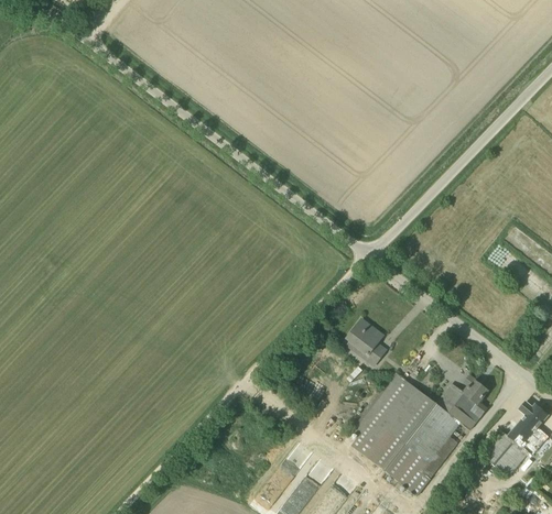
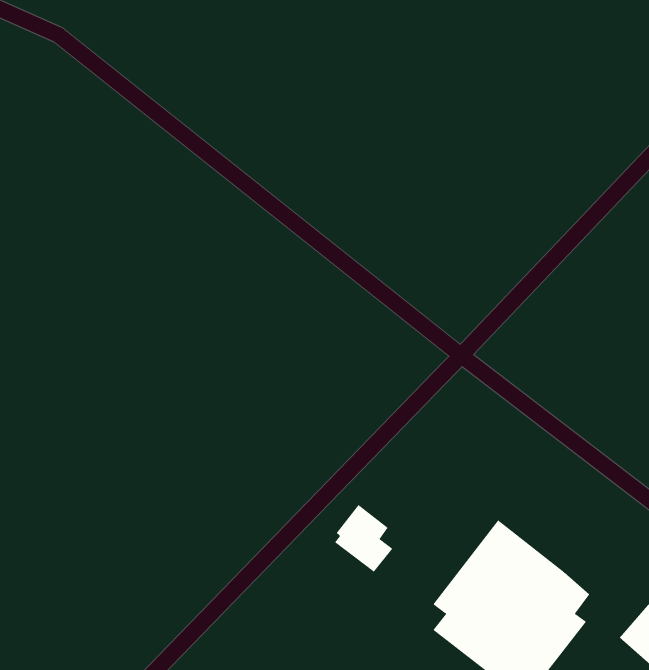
building: [346,318,387,365] -> [334,504,393,573]
building: [443,380,488,429] -> none

